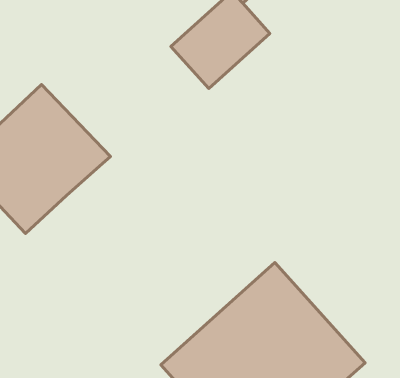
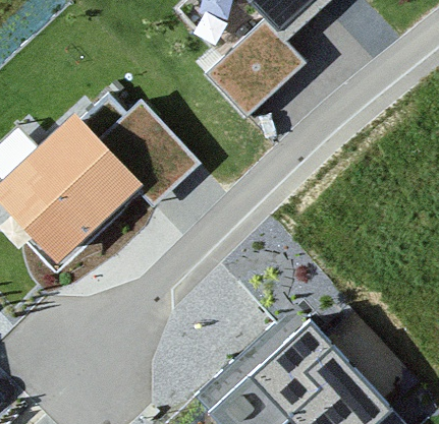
building: none -> [97,97,206,214]

